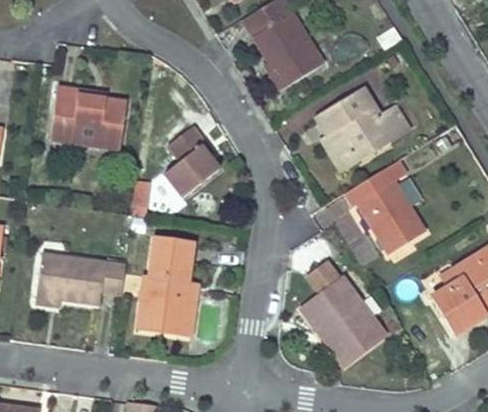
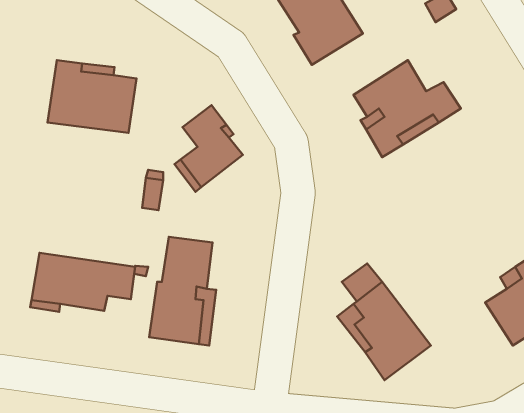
building: [344,160,425,252] -> none

